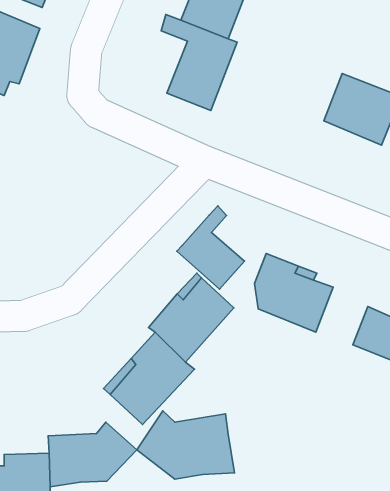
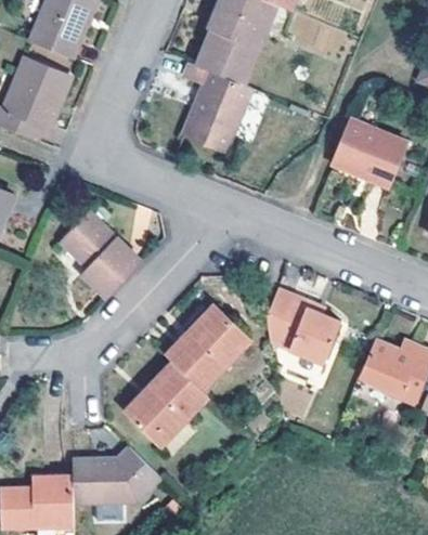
building: none -> [61,216,139,299]
building: [177,206,244,289] -> none
building: [137,411,234,479] -> none

